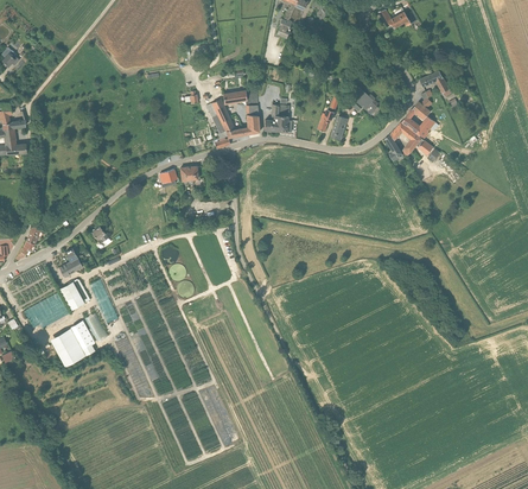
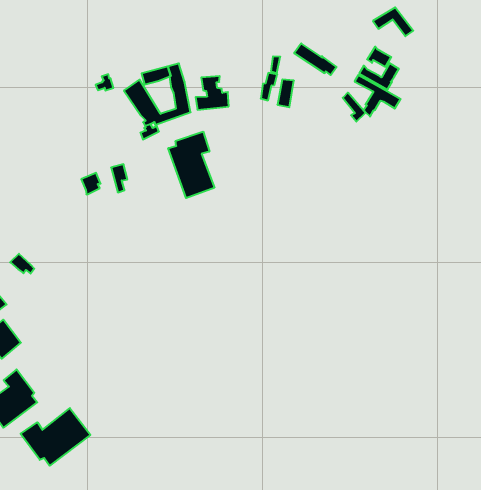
building: none -> [168,132,214,198]
building: none -> [21,408,90,466]

